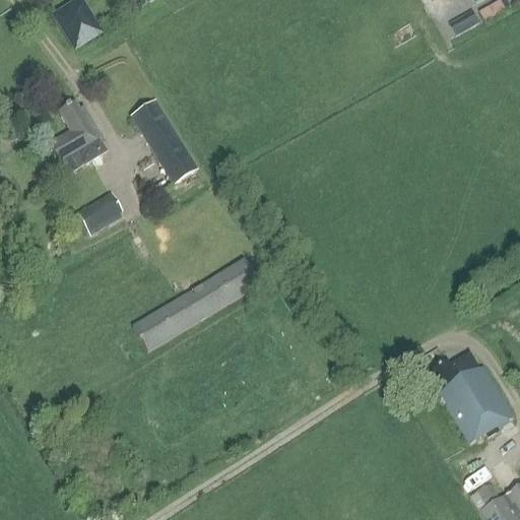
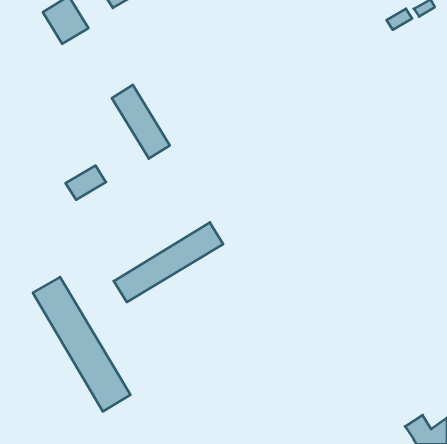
building: [48,102,107,174] -> none
building: none -> [33,277,130,411]
building: [433,353,514,443] -> none

